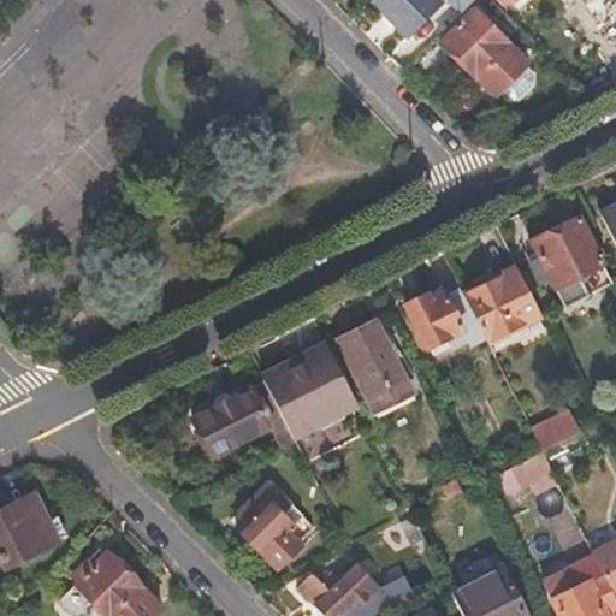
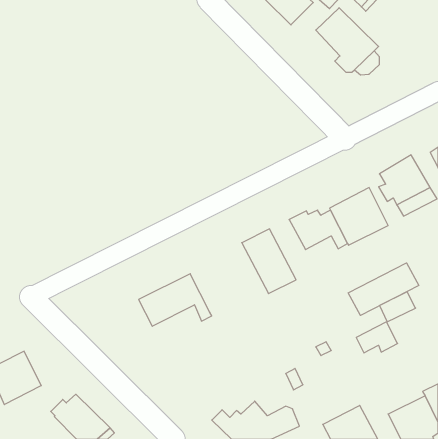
building: [266,346,356,437] -> none
building: none -> [348,263,419,315]
building: [236,493,314,568] -> none

